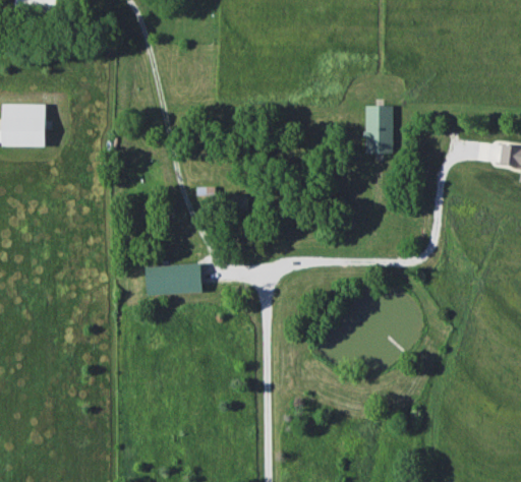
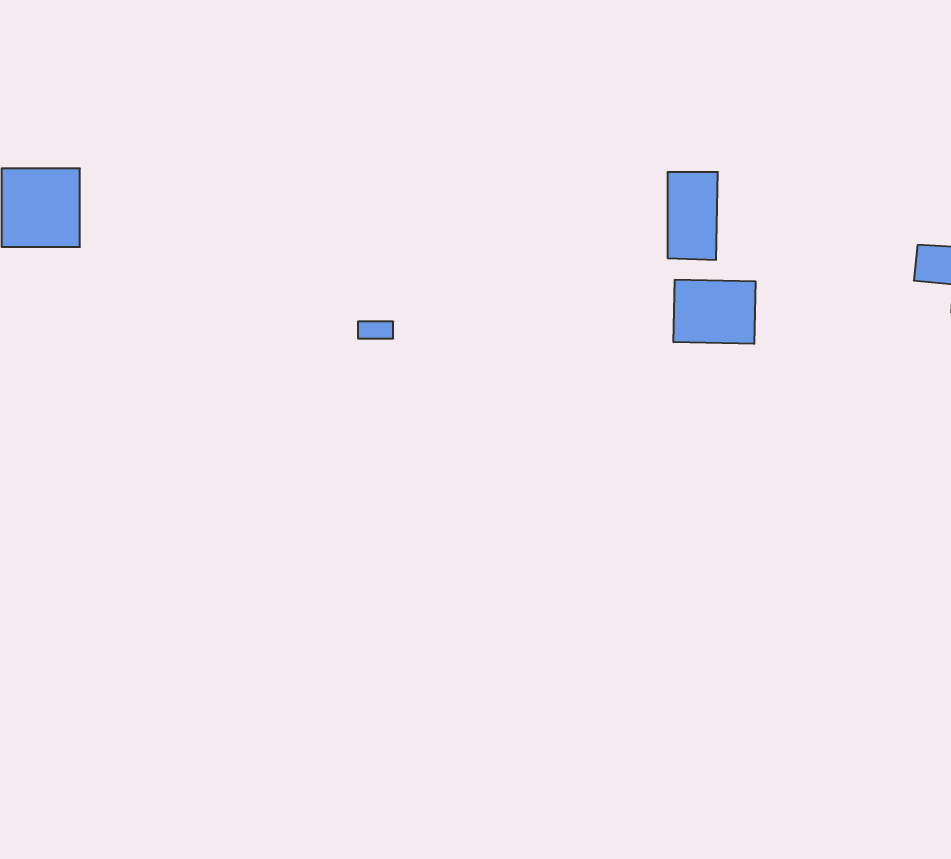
building: none -> [674,280,755,344]
building: [146,264,201,295] -> none

